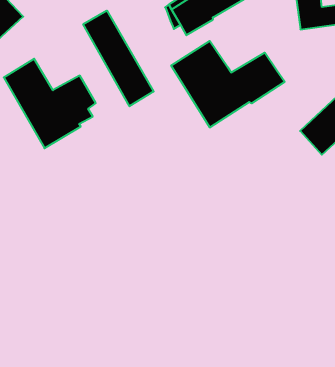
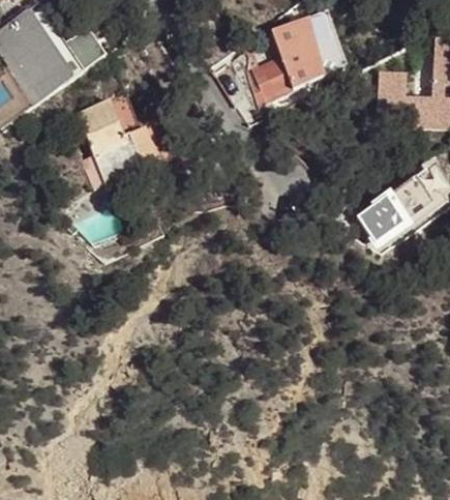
building: [83,11,154,106] -> none
building: [171,41,285,128] -> none

